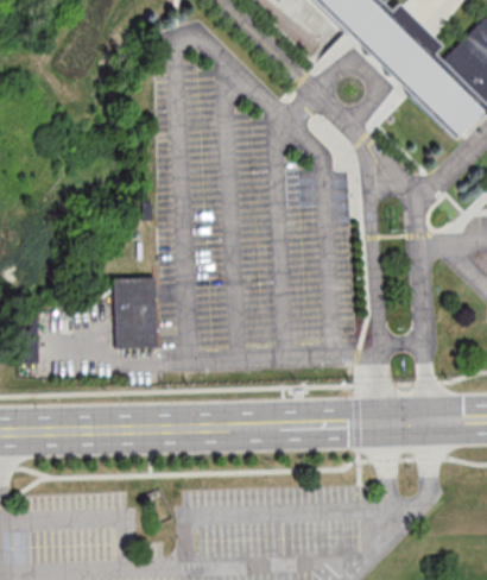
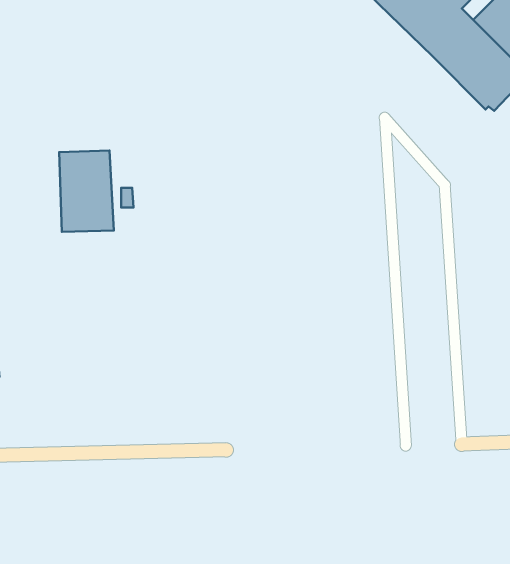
building: [115,279,162,348] -> [59,151,114,232]

